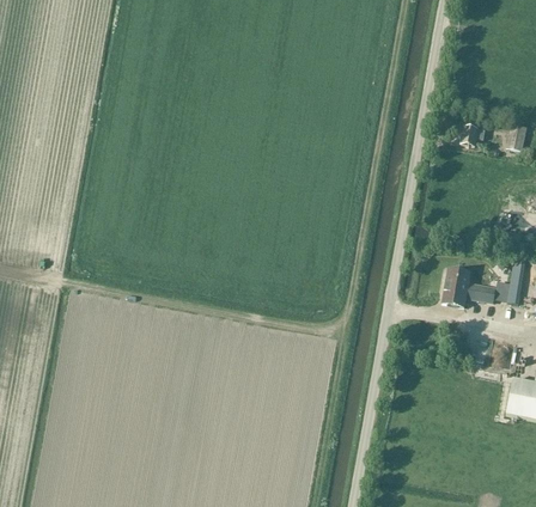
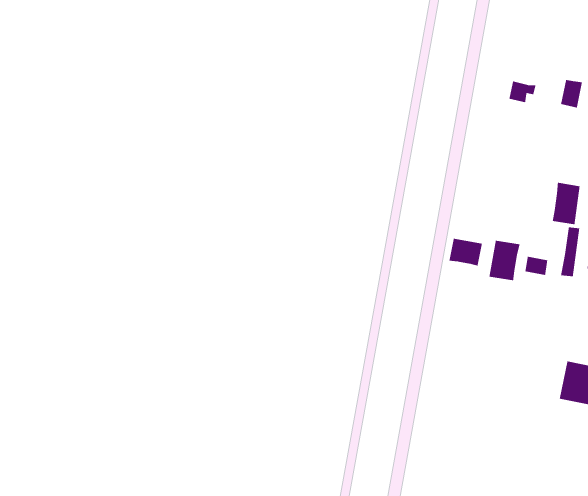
building: none -> [552,182,581,225]
building: none -> [449,238,483,267]

